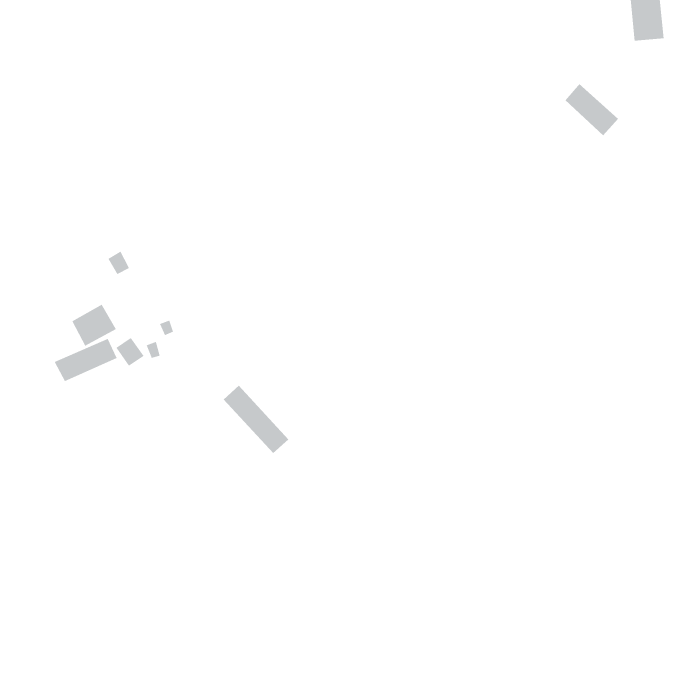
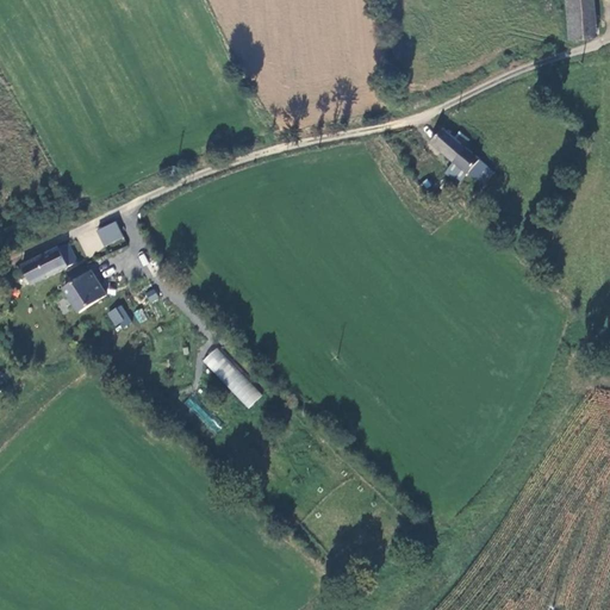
building: [565,83,619,136] -> [431,126,480,174]
building: [54,338,117,382] -> [18,243,75,282]

